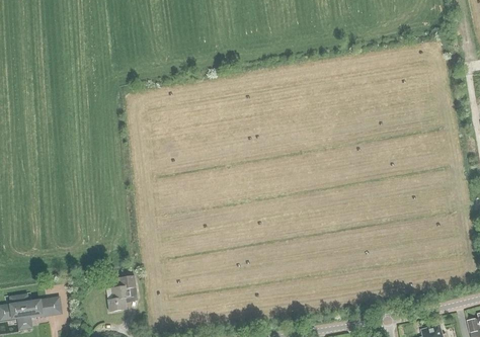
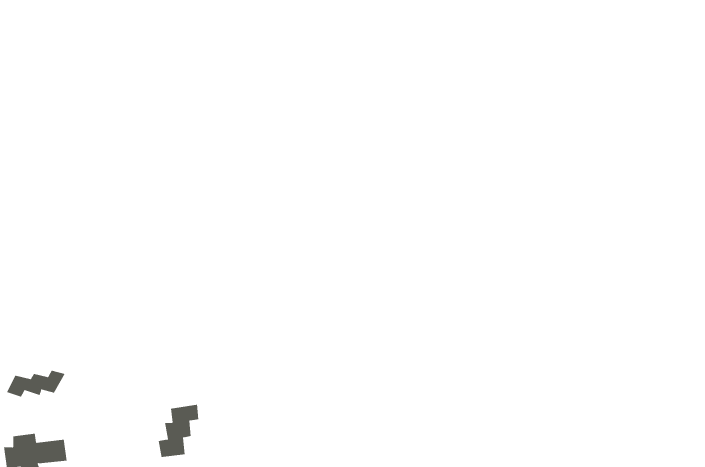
building: none -> [6,370,65,398]

